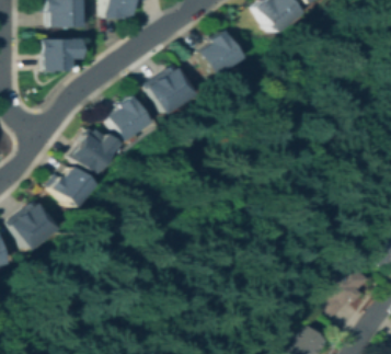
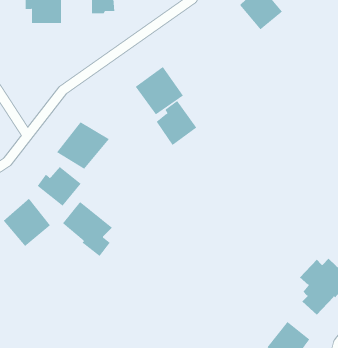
building: [199,31,242,76] -> none
building: [43,39,77,69] -> none
building: [110,94,151,140] -> [156,100,197,146]
building: none -> [62,201,113,257]

